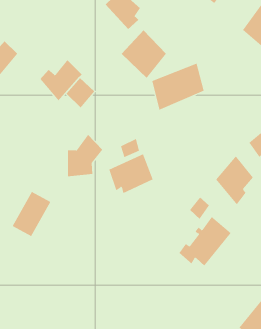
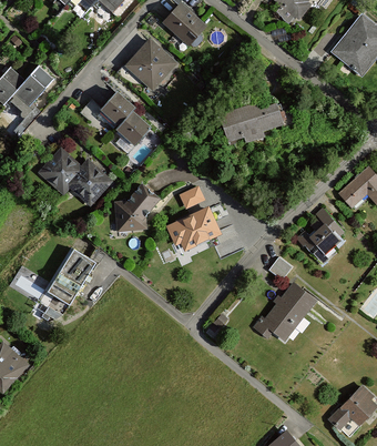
building: [121,29,167,79] -> [122,34,179,95]
building: none -> [37,145,113,209]

